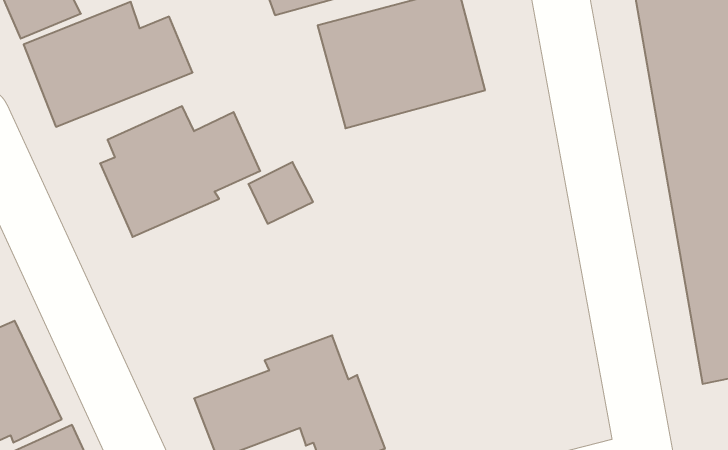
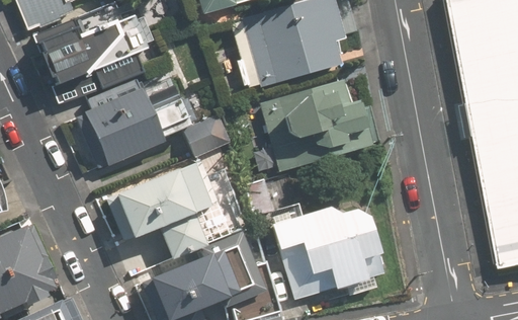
building: none -> [258,79,375,174]
building: none -> [112,162,211,258]
building: none -> [273,206,378,299]

